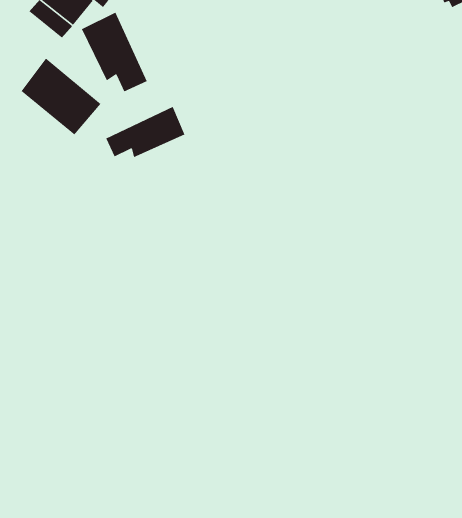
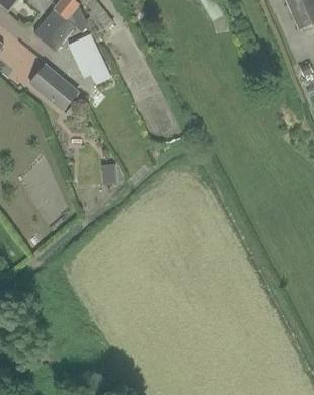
building: [105,106,186,158] -> none

